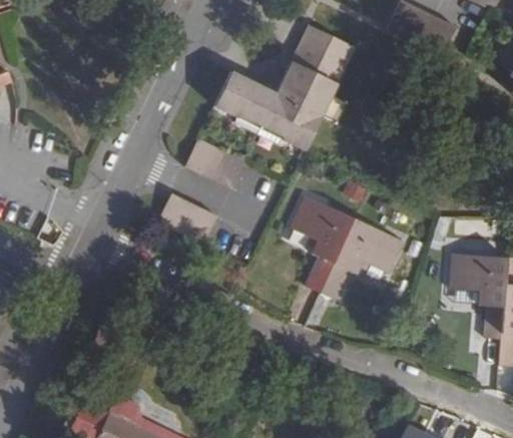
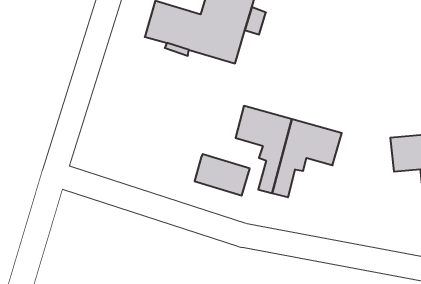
building: [184,138,243,188] -> none
building: [157,193,217,244] -> [195,154,250,196]

